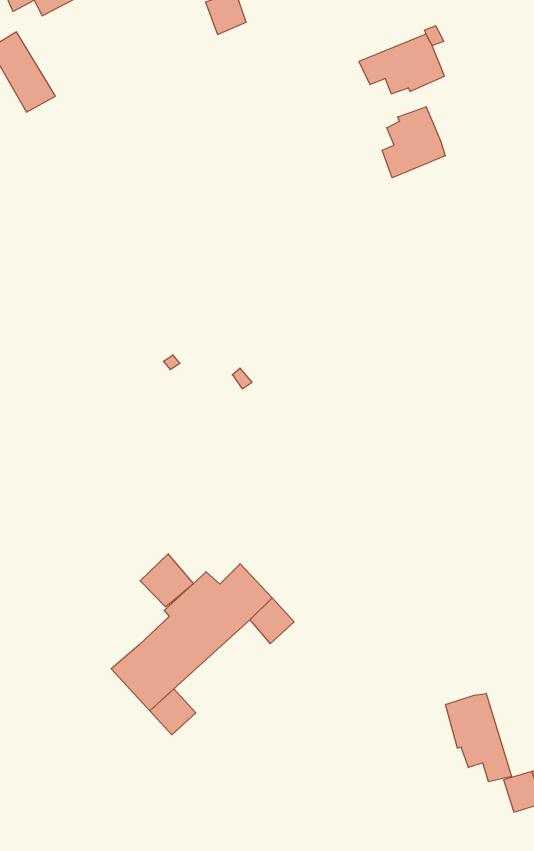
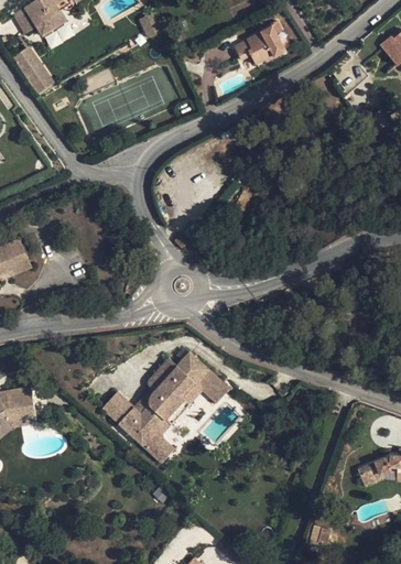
building: [382,107,445,178] -> none
building: [140,554,193,607] -> [100,390,132,422]
building: [446,693,511,782] -> none

